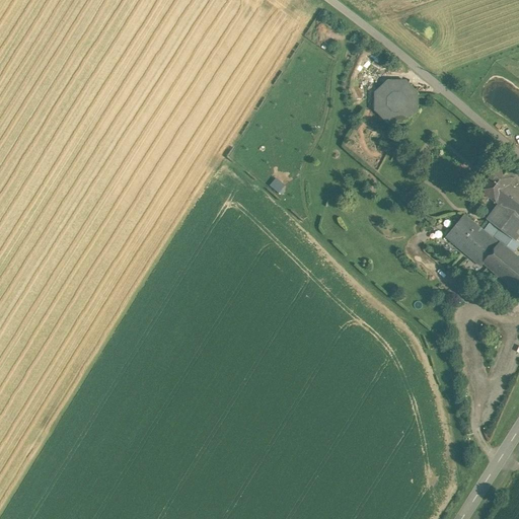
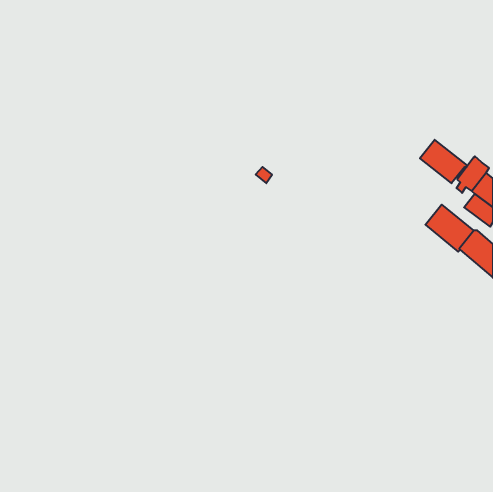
building: [376,79,418,122] -> none
building: none -> [420,140,467,183]

